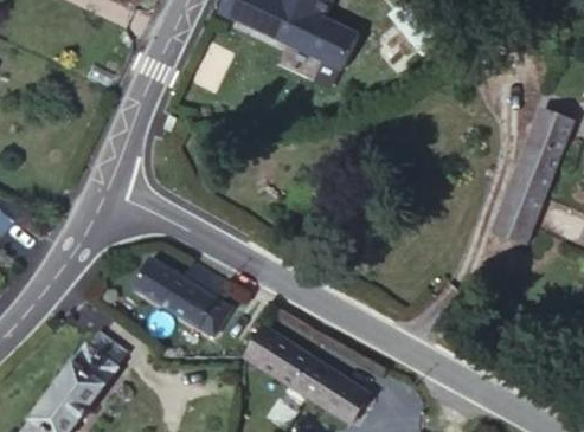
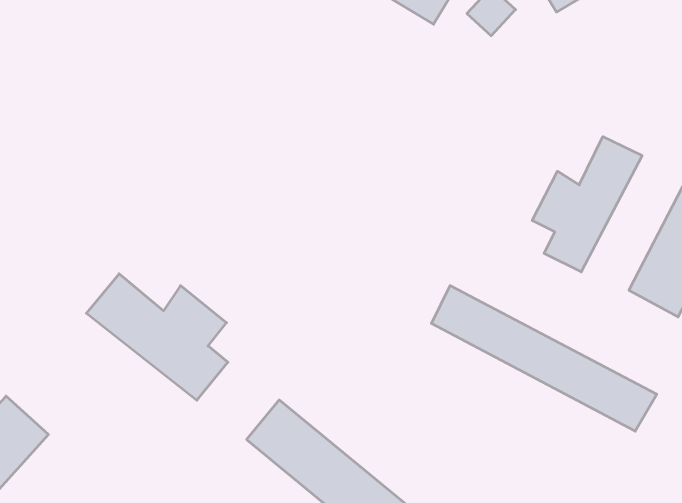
building: none -> [532,137,642,272]
building: none -> [431,286,657,431]

